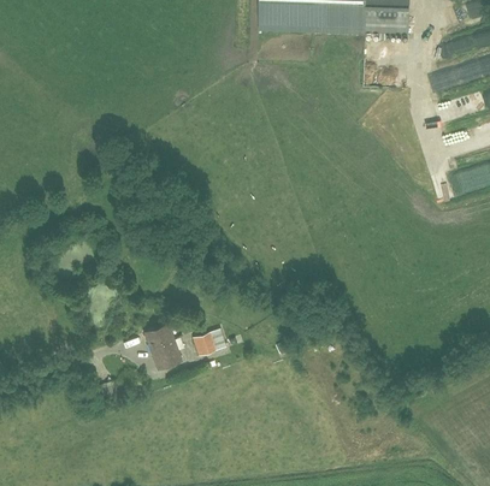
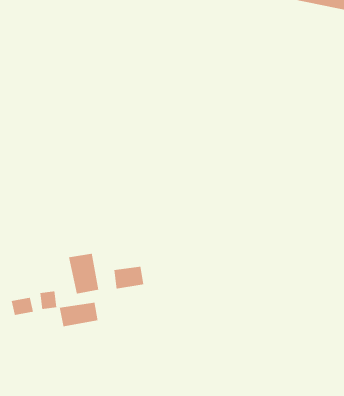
building: none -> [59,302,98,327]

